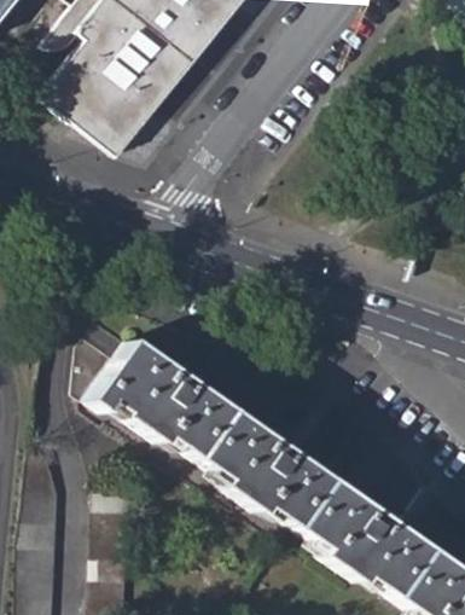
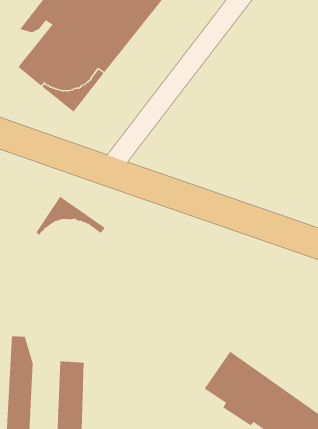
building: none -> [36,196,106,236]
building: [83,331,332,524] -> none

